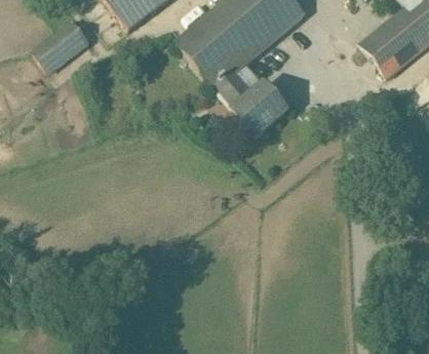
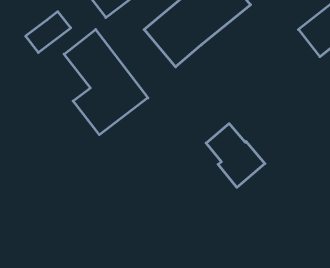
building: none -> [64,29,148,135]
building: [217,61,287,137] -> [206,124,265,187]

